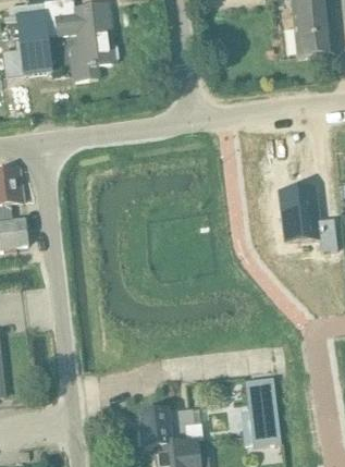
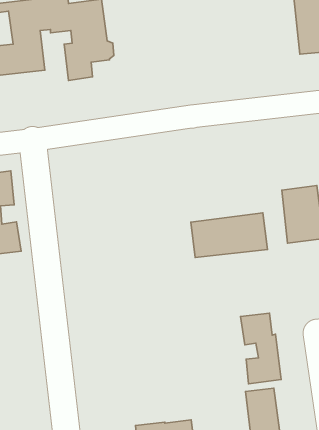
building: none -> [191,213,268,258]
building: none -> [241,313,281,384]

